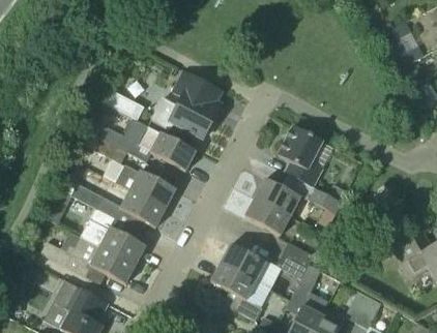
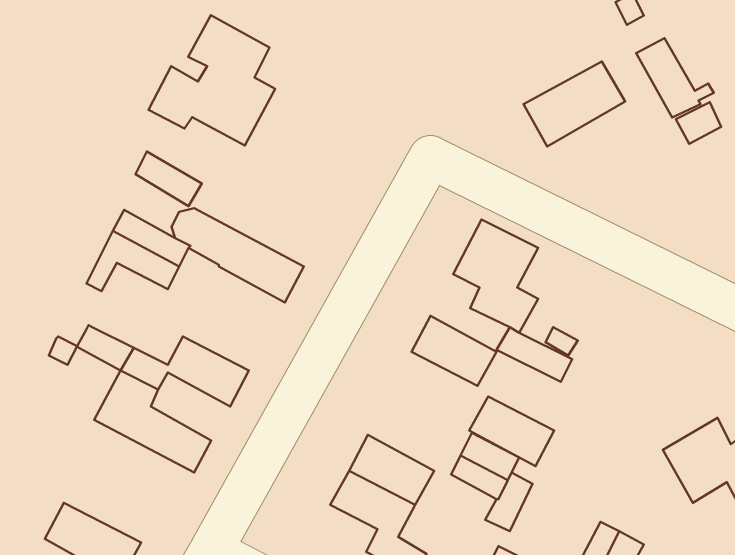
building: none -> [524,62,625,146]
building: [150,68,220,140] -> [149,15,275,146]
building: [116,163,177,208] -> none
building: [245,198,292,236] -> [469,396,554,466]
building: [40,235,137,284] -> none

